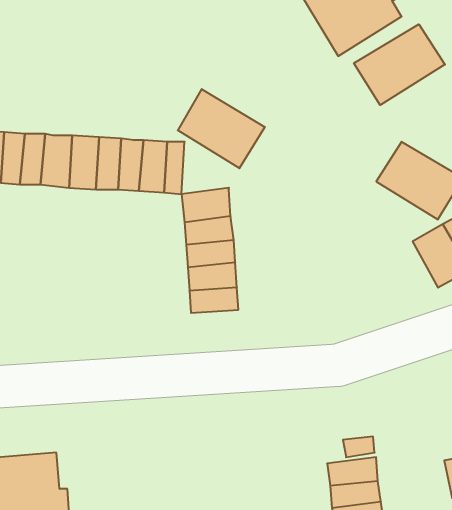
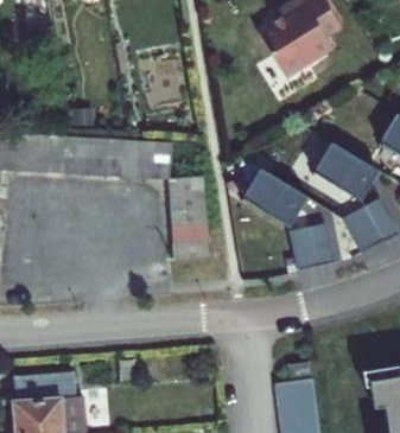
building: [354,24,445,105] -> none
building: [178,89,265,168] -> [242,166,307,225]
building: none -> [288,222,334,269]

